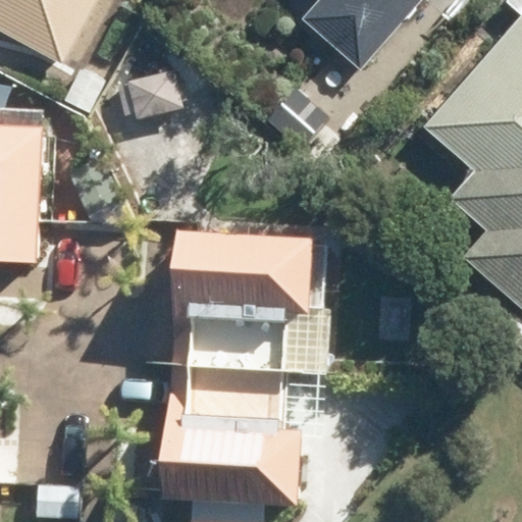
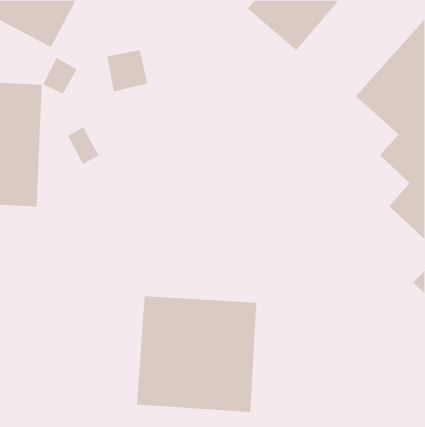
building: [172,226,315,372] -> none

